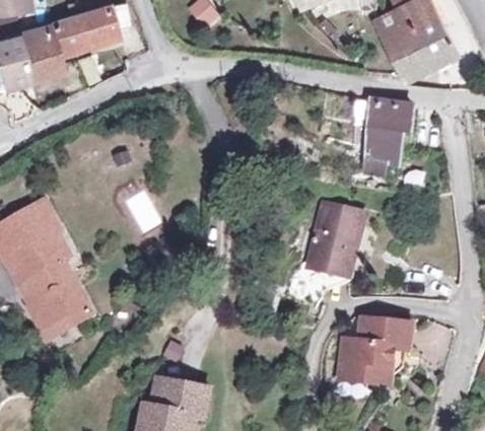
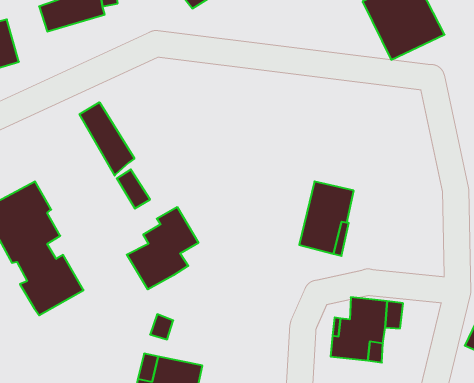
building: [13,24,60,80] -> none
building: [361,98,413,177] -> none
building: none -> [80,102,134,176]
building: none -> [127,207,198,289]

